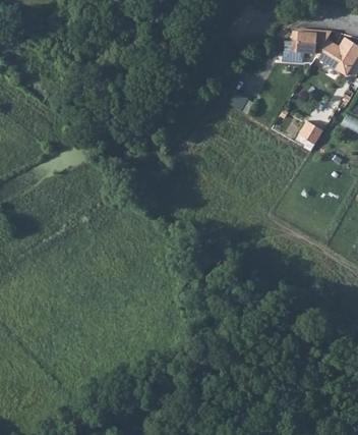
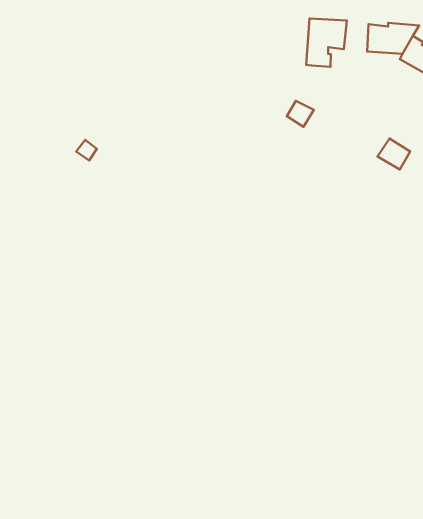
building: none -> [306,18,347,67]

